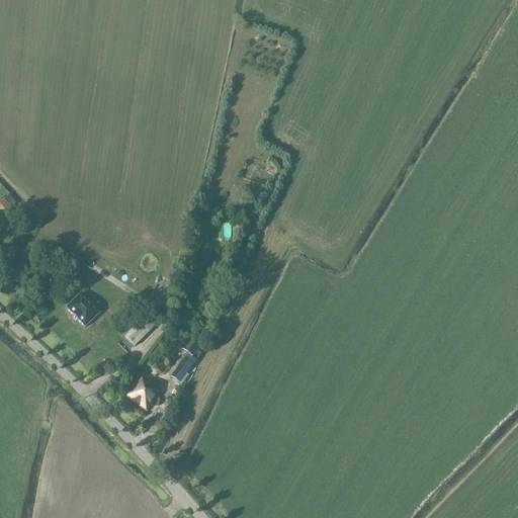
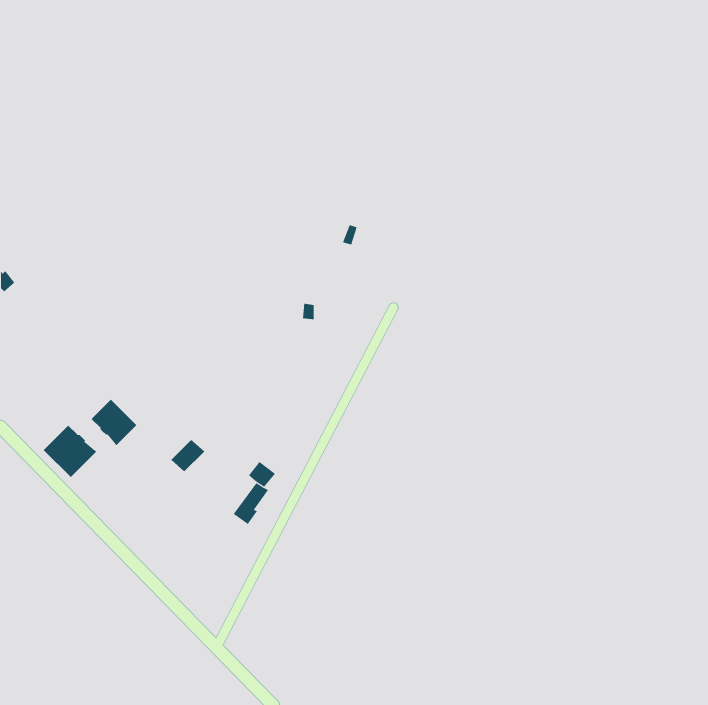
building: none -> [43,424,97,478]
building: [124,373,161,410] -> none

